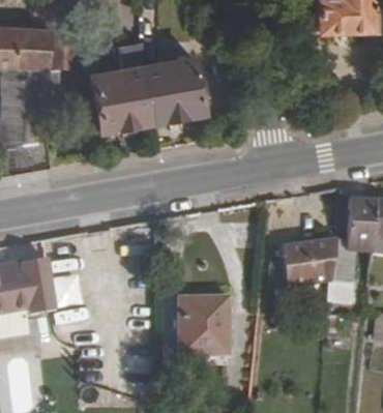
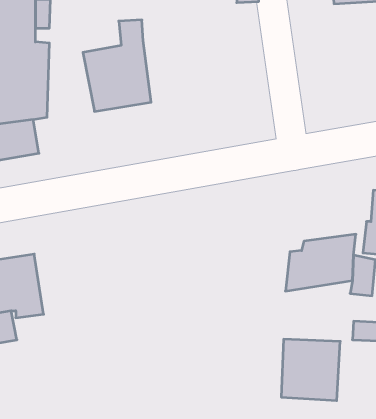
building: [146,57,206,120] -> none
building: [181,299,234,354] -> [281,339,340,401]

